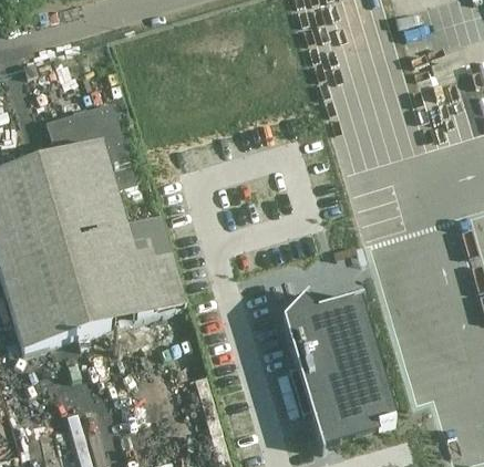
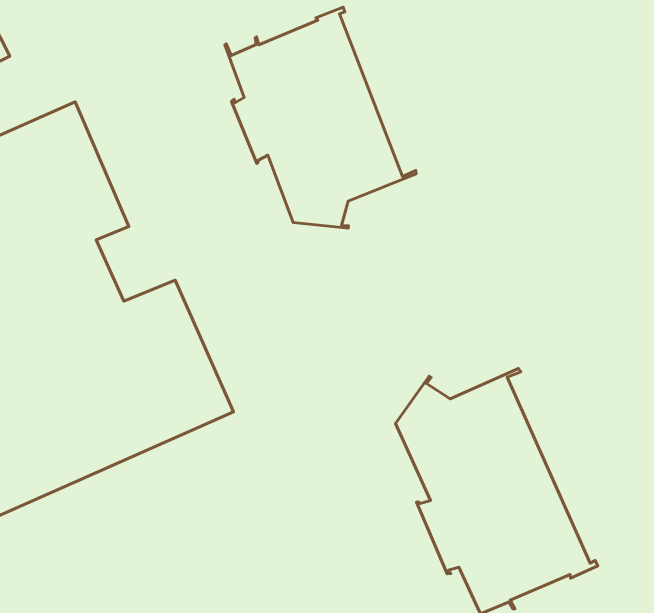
building: none -> [225,7,416,228]

